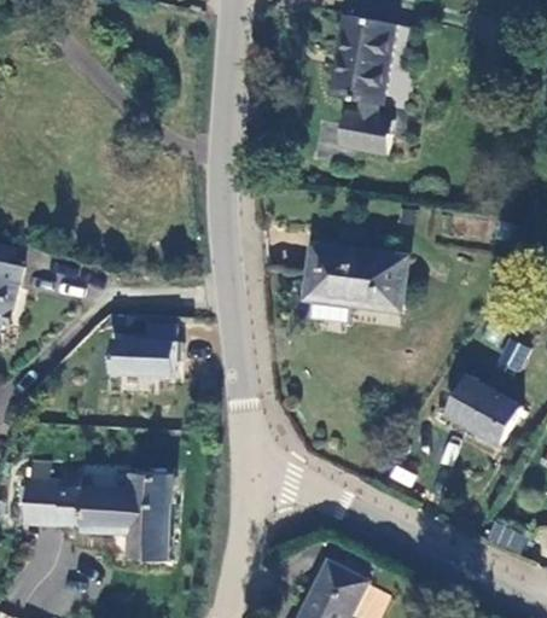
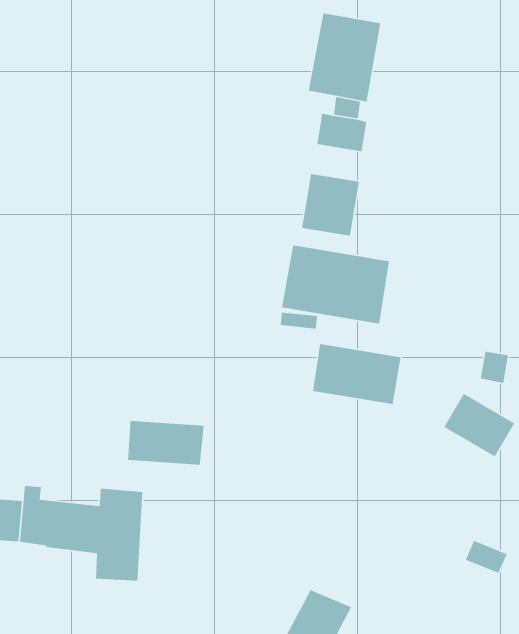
building: none -> [301,173,360,237]
building: none -> [312,343,402,405]
building: [94,333,168,377] -> [127,420,204,466]

